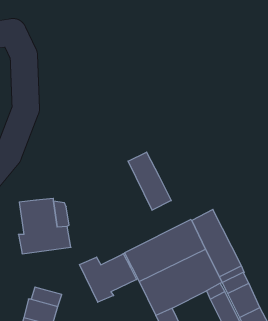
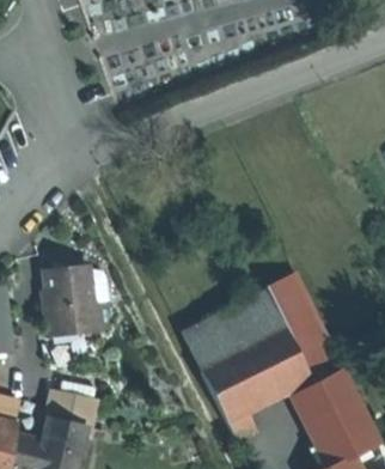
building: [128,152,171,210] -> none
building: [79,254,137,302] -> none

